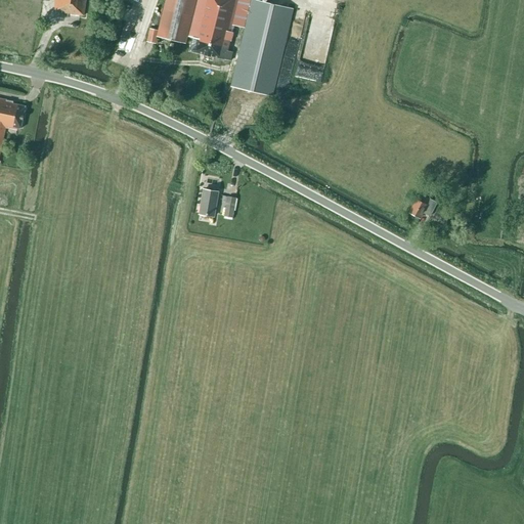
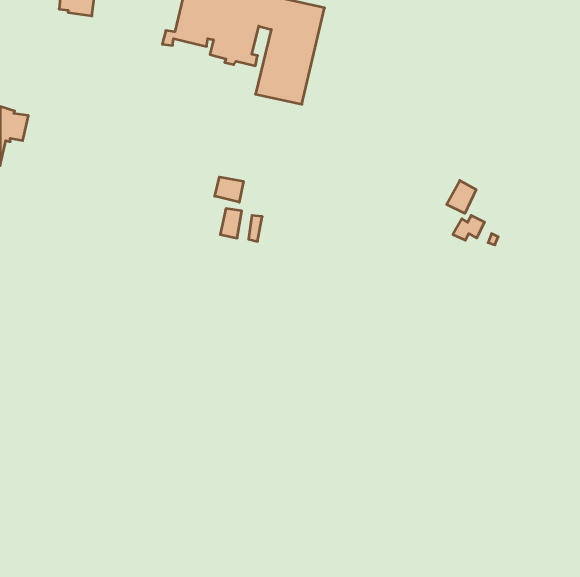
building: none -> [215,177,243,202]
building: none -> [447,180,476,213]

